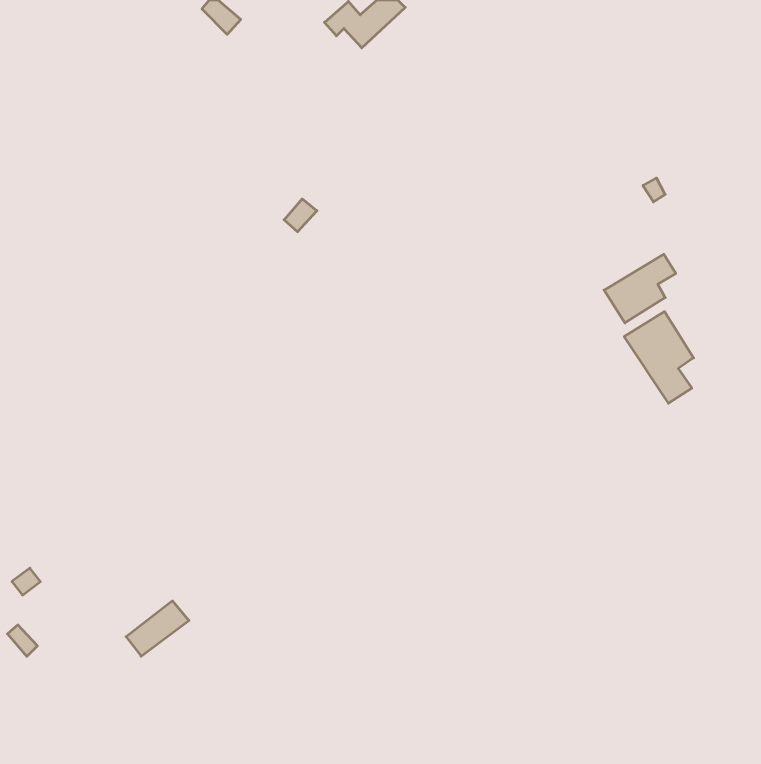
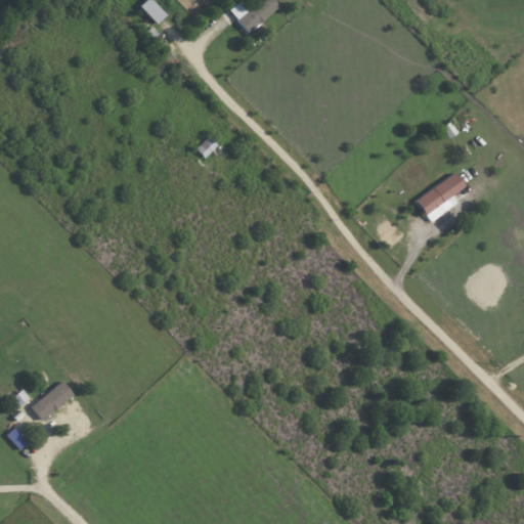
building: [624,312,694,403] -> none
building: [126,601,189,656] -> [32,381,75,419]

